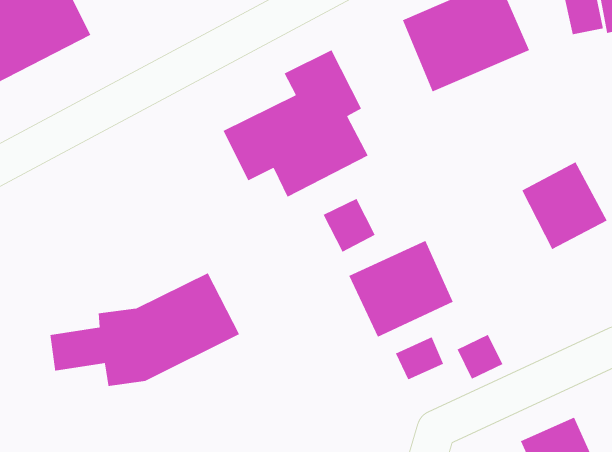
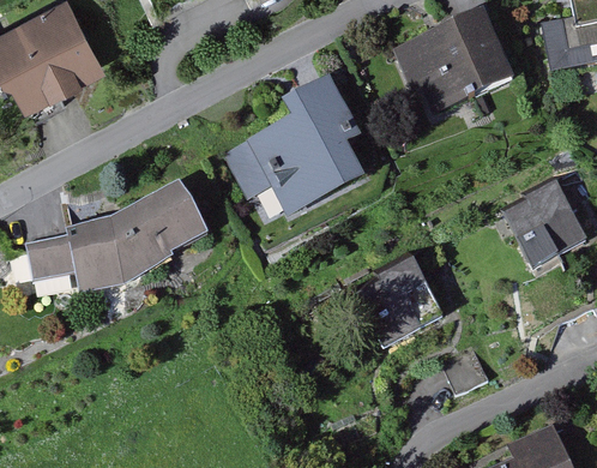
building: [323,198,376,253] -> none
building: [49,272,240,387] -> [28,182,207,290]
building: [395,336,444,381] -> none

